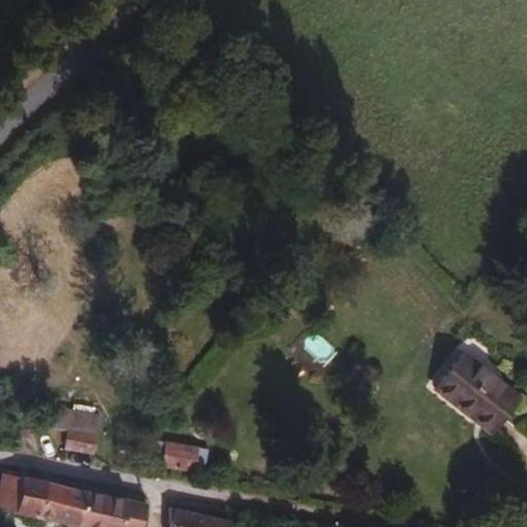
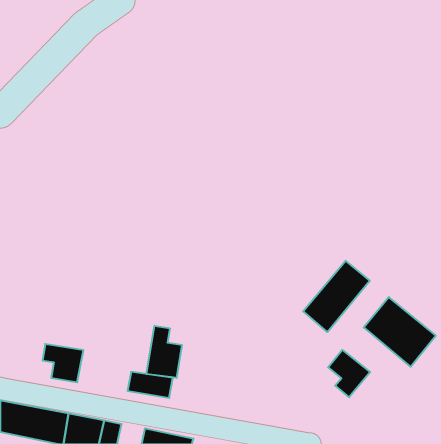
building: none -> [303,261,370,332]
building: none -> [146,326,182,378]
building: none -> [328,350,370,397]

